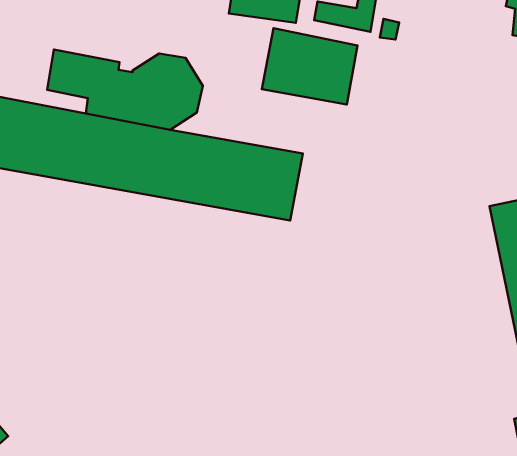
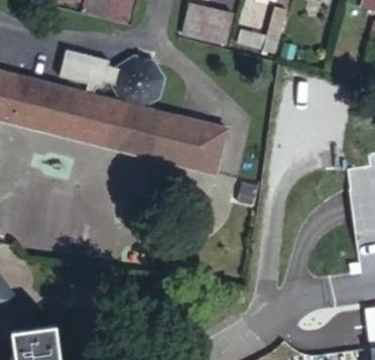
building: [262,28,358,105] -> none

